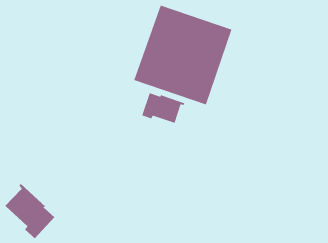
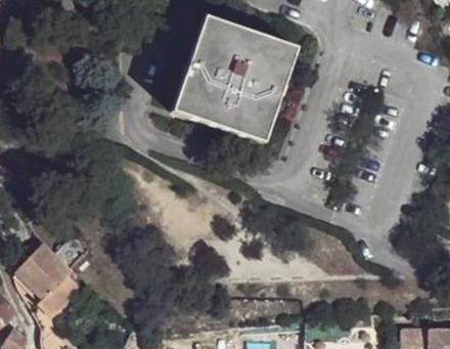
building: [141,92,185,124] -> none

